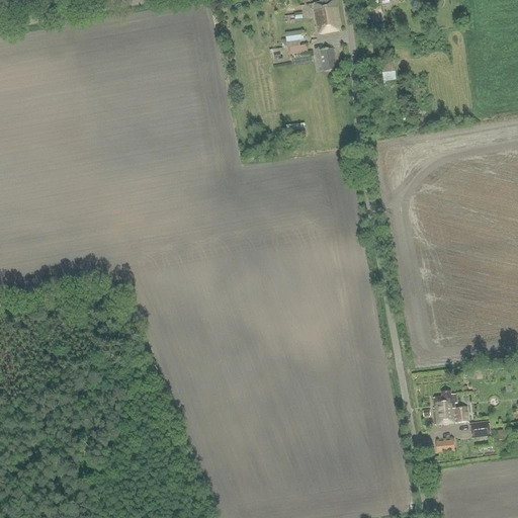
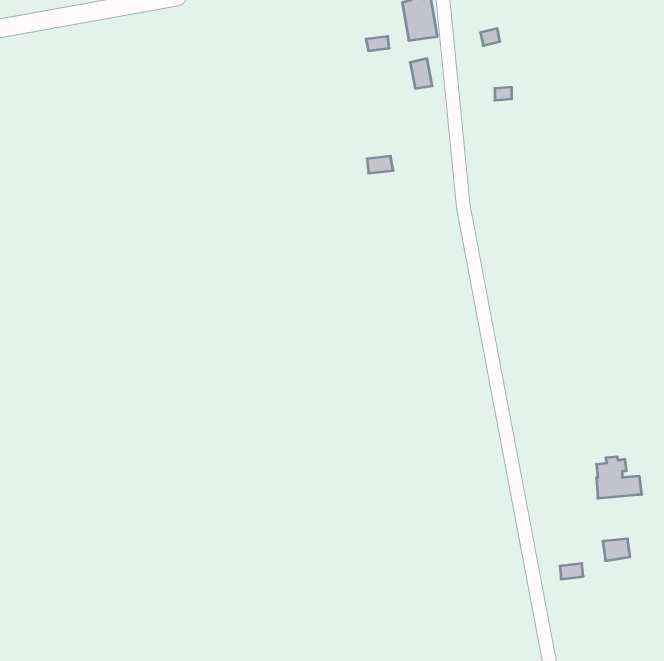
building: [433,390,468,422] -> [596,457,642,498]

